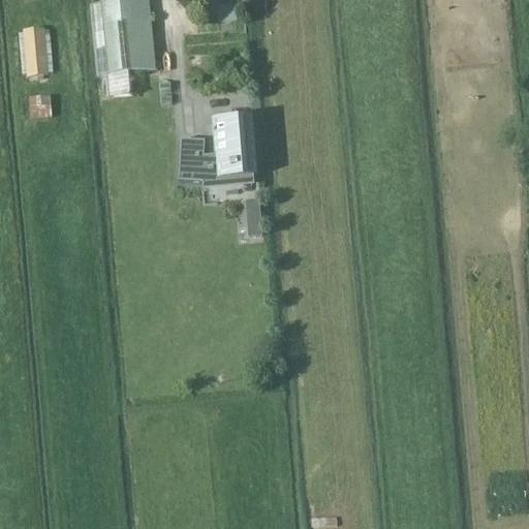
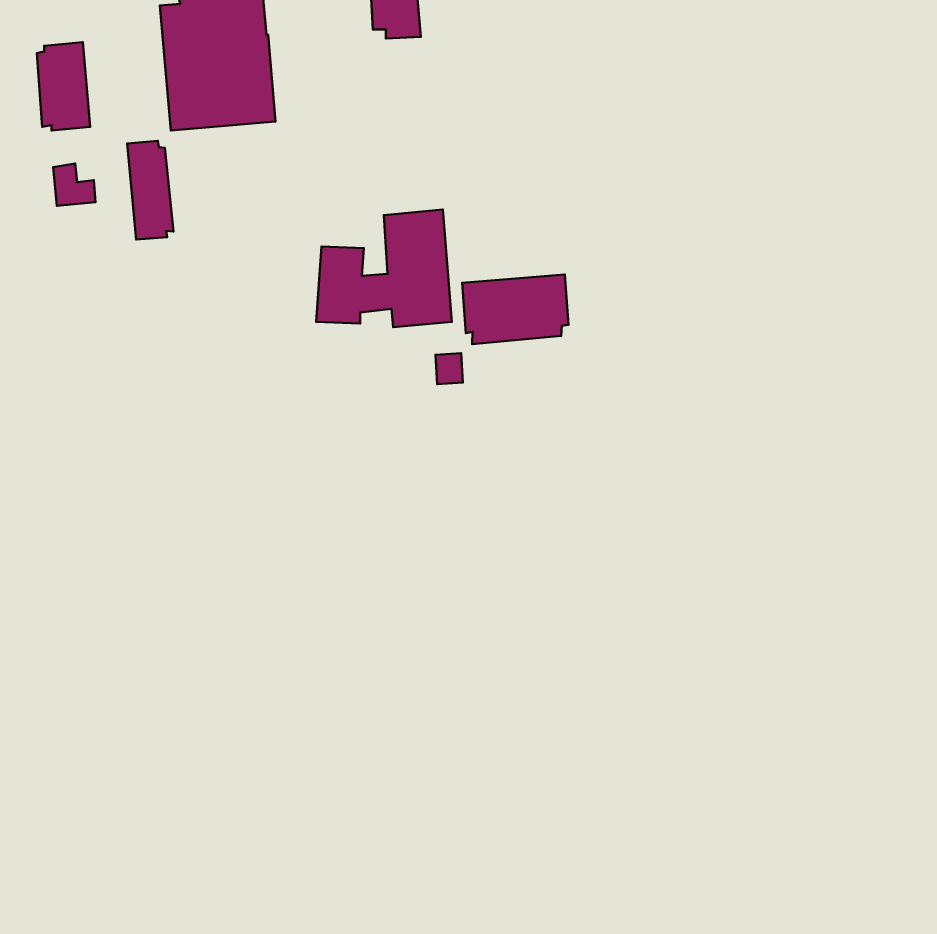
building: none -> [127,141,174,240]
building: none -> [462,275,568,344]

